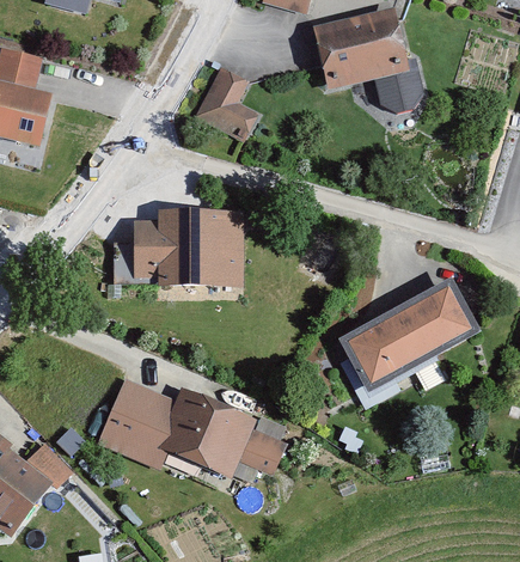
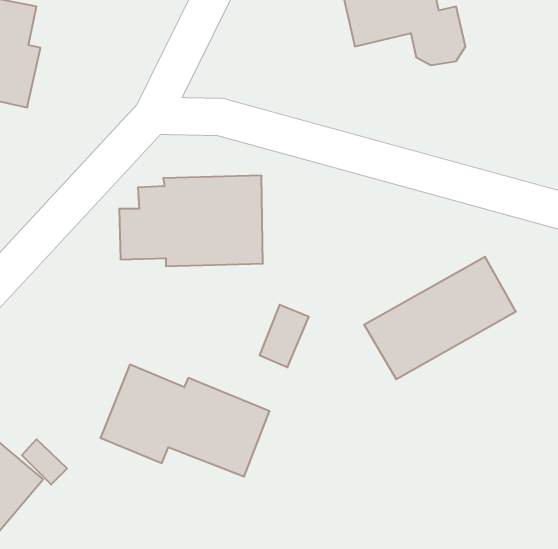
building: [206,66,259,136] -> none
building: [243,415,287,471] -> [260,305,309,367]

